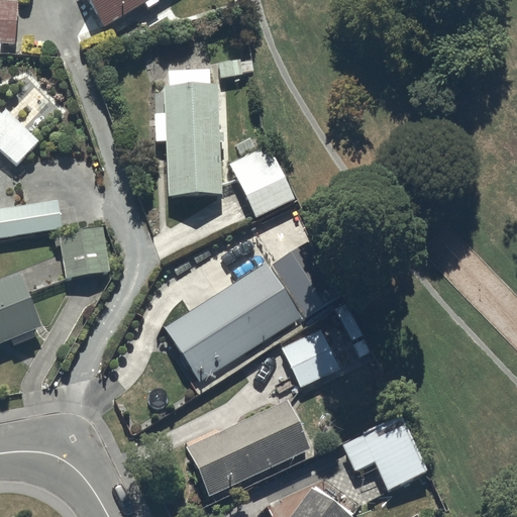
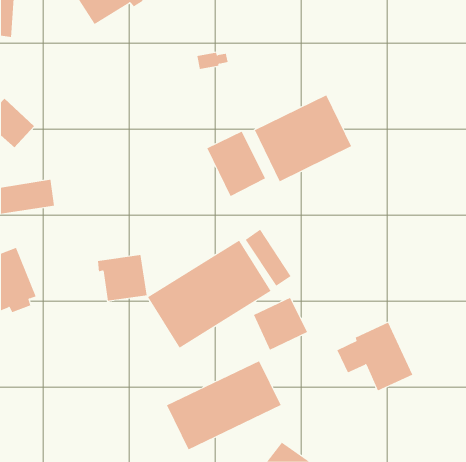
building: [156,70,224,196] -> none
building: none -> [254,94,352,182]
building: [55,226,110,278] -> [97,254,148,301]
building: [342,414,427,491] -> [337,322,413,391]

